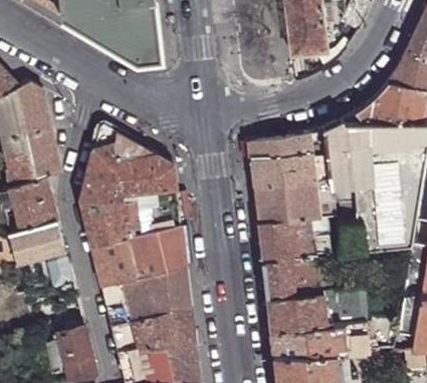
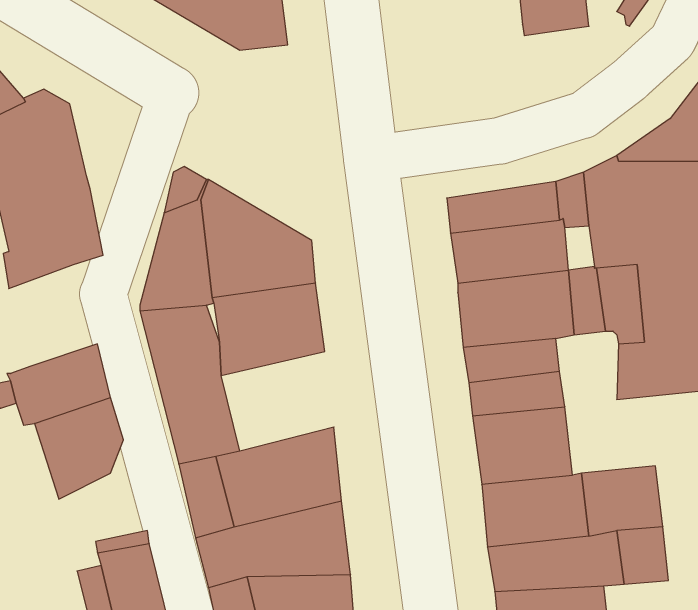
building: [10,178,58,234] -> none
building: [126,226,187,280] -> none

